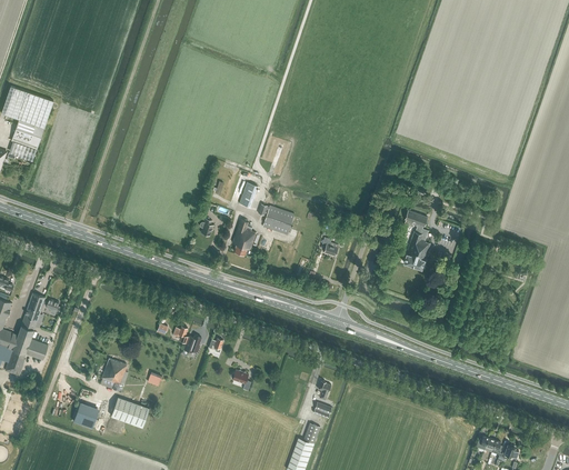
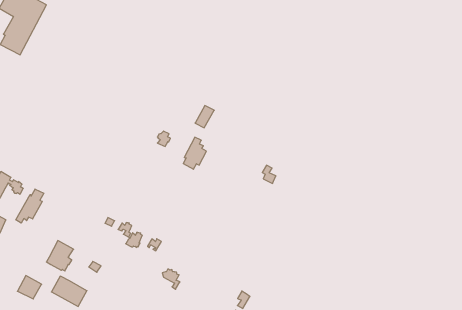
building: [257,203,293,234] -> none
building: [402,210,429,268] -> none
building: none -> [16,189,44,223]

